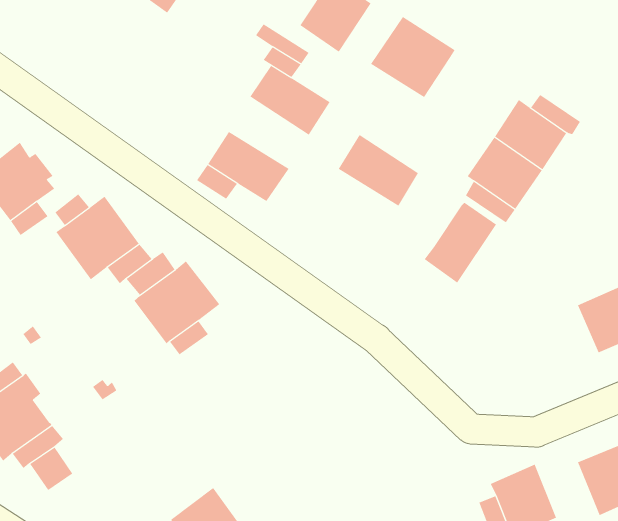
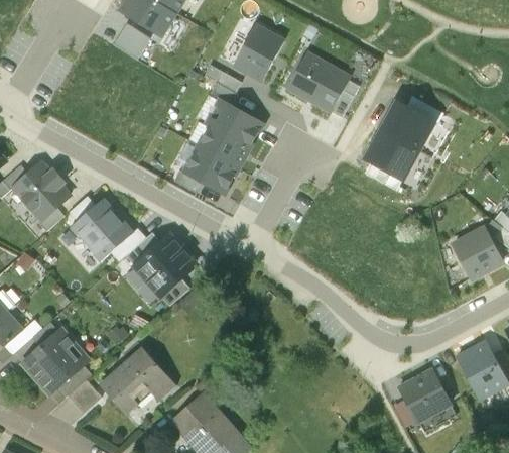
building: none -> [329,76,360,114]
building: [338,134,419,207] -> [189,116,248,165]
building: [424,202,497,283] -> none
building: none -> [101,346,175,415]

